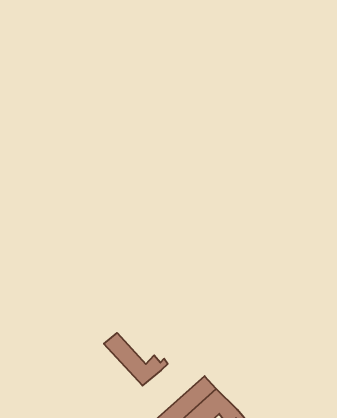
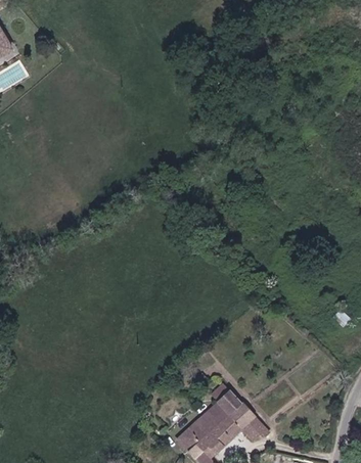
building: [104,333,168,386] -> none

